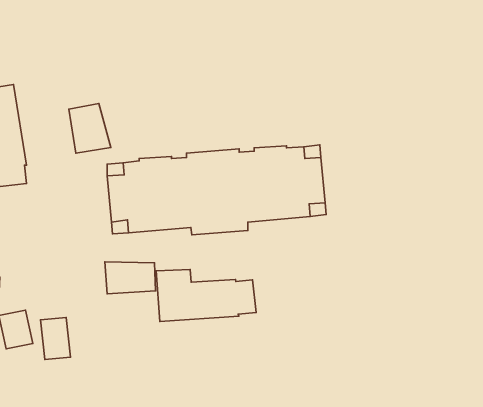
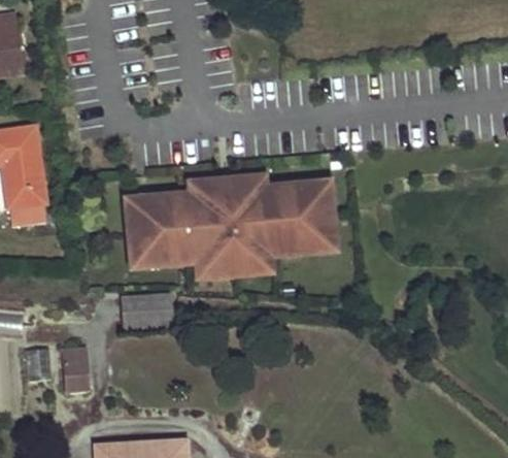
building: [69,104,111,153] -> none
building: [156,269,256,321] -> none

